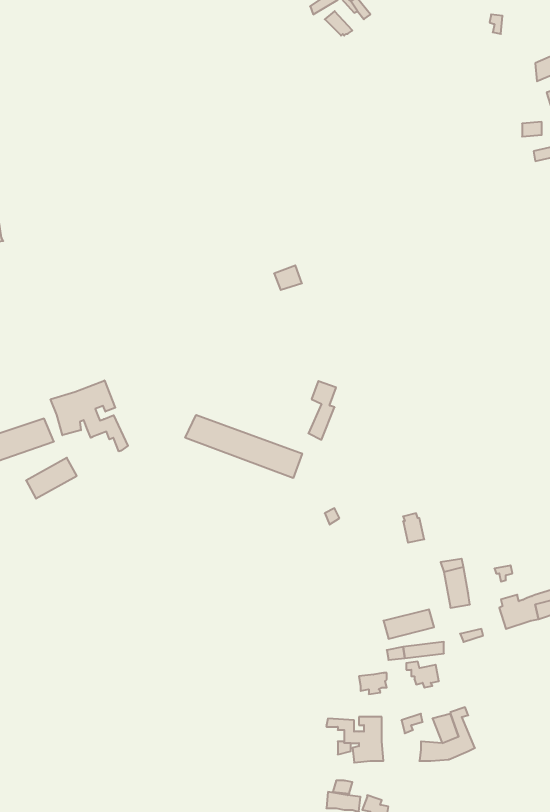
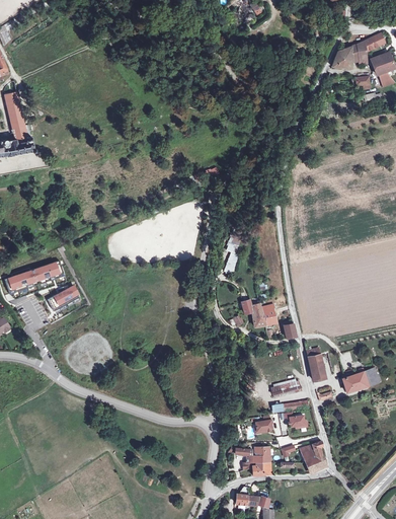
building: none -> [332,41,367,69]
building: [51,380,128,451] -> none
building: [185,415,302,478] -> none
building: none -> [241,299,275,326]

